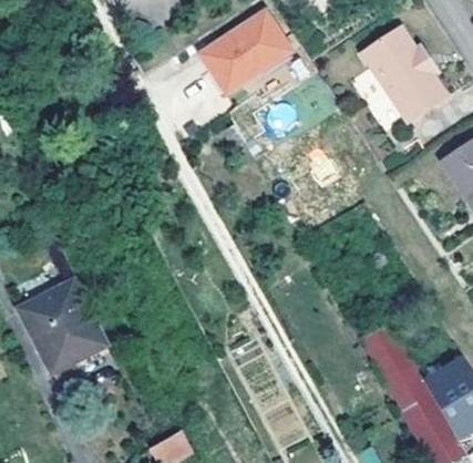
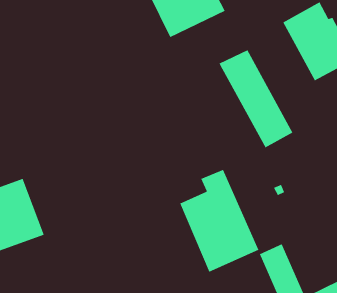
building: none -> [219,49,293,148]
building: none -> [179,169,260,273]

